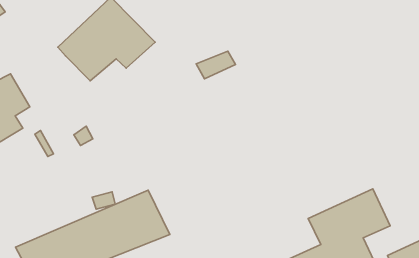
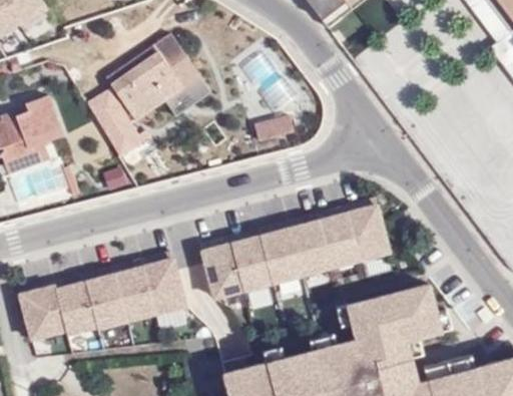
building: none -> [87,89,146,157]
building: none -> [200,194,395,297]

